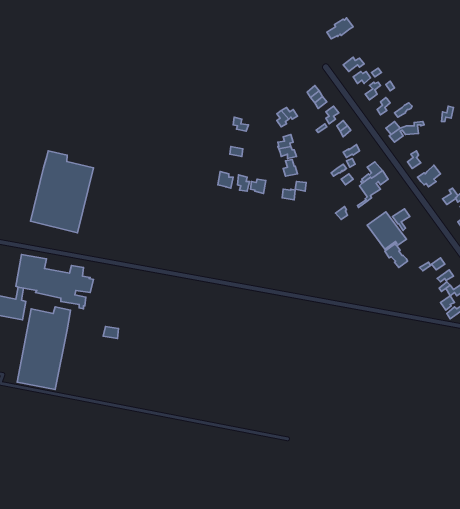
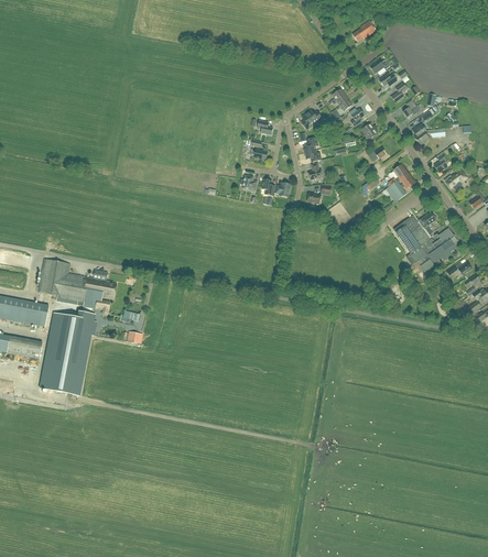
building: [30,151,94,233] -> none
building: none -> [423,228,457,263]

